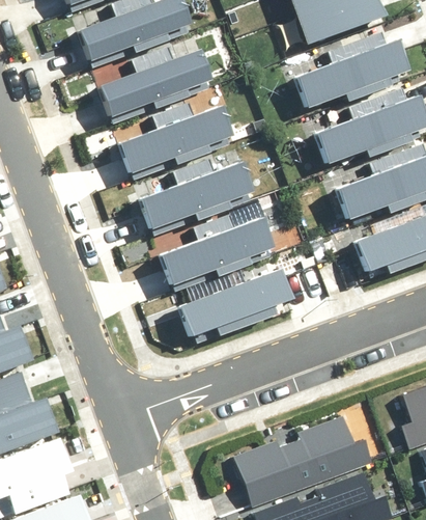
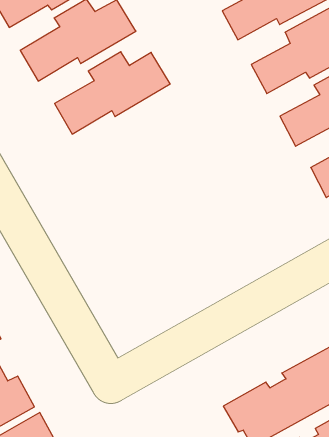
building: [139,158,253,229] -> none
building: [160,217,274,289] -> none
building: [178,272,289,337] -> none

